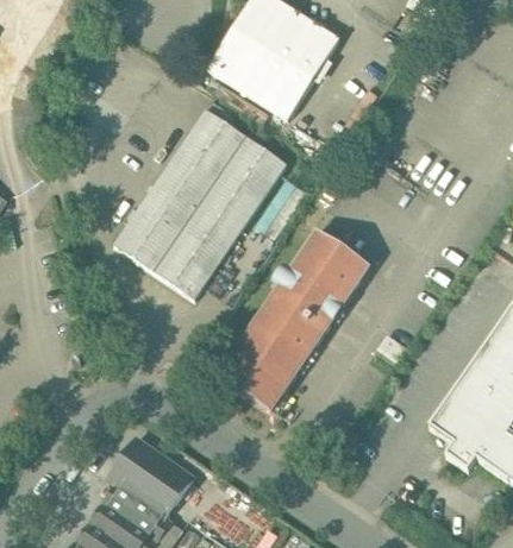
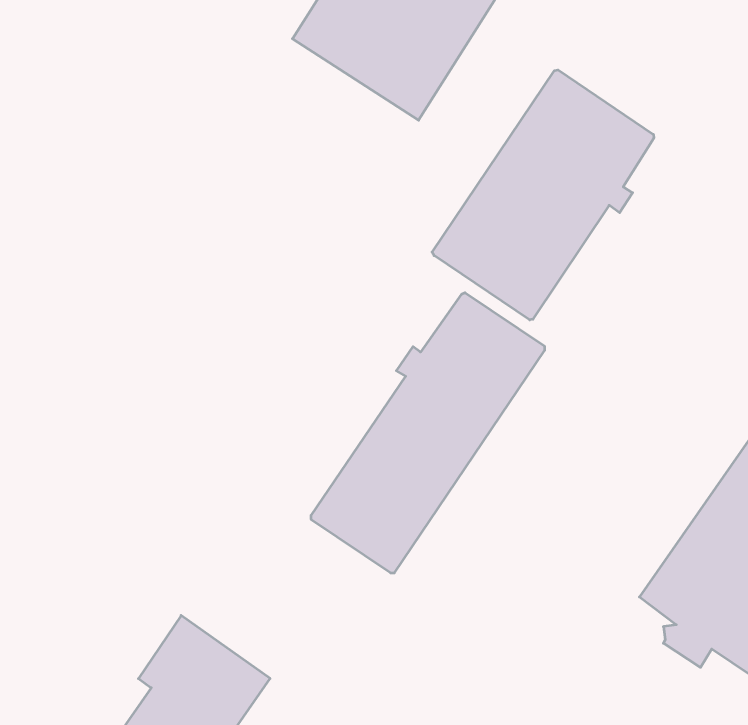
building: none -> [432,70,654,320]
building: [114,109,287,298] -> none

